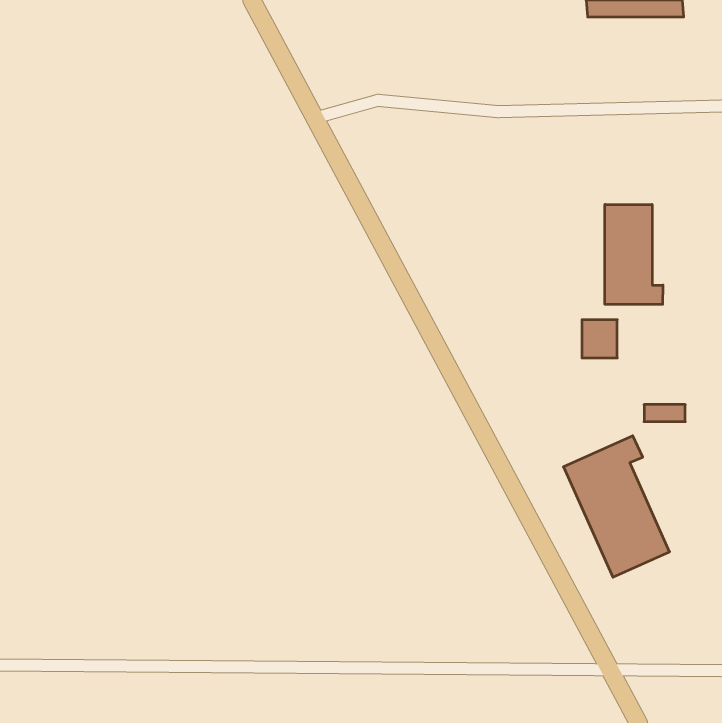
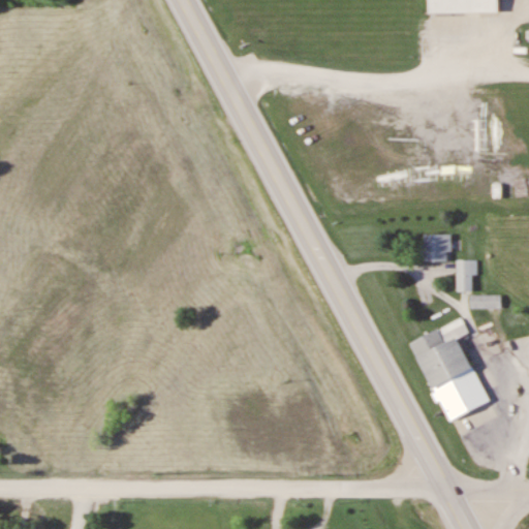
building: [605,204,663,304] -> none
building: none -> [457,260,476,291]

